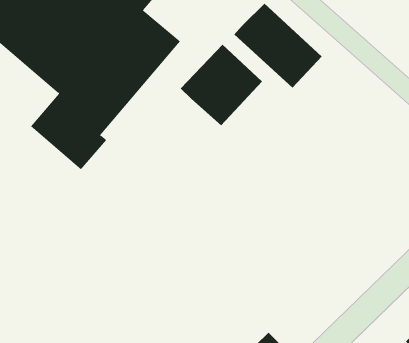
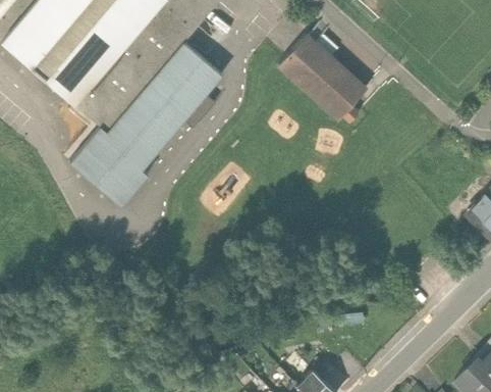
building: [180,44,263,126] -> none

